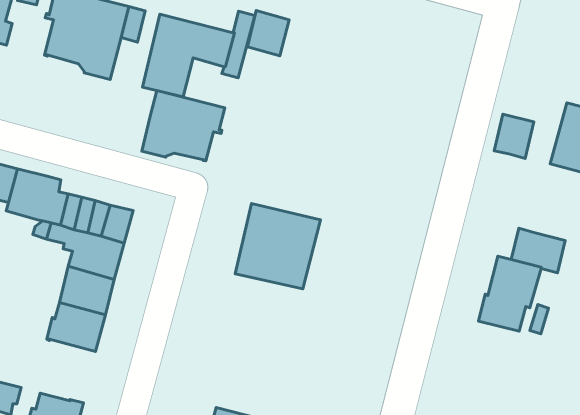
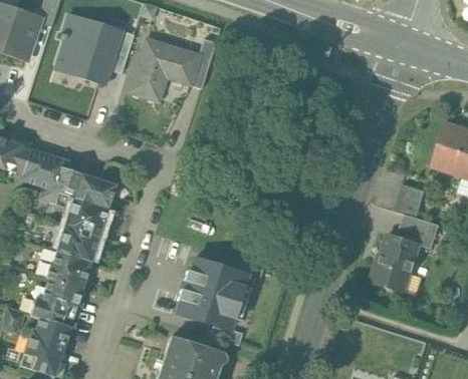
building: [248,10,289,56] -> none
building: [142,91,225,161] -> none
building: [494,114,534,158] -> [395,182,426,217]
building: [235,203,320,289] -> [180,260,246,326]
building: none -> [30,277,82,324]

